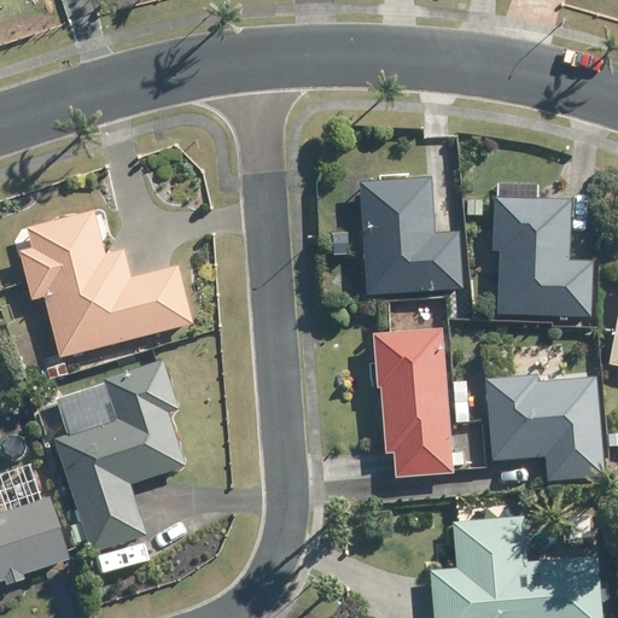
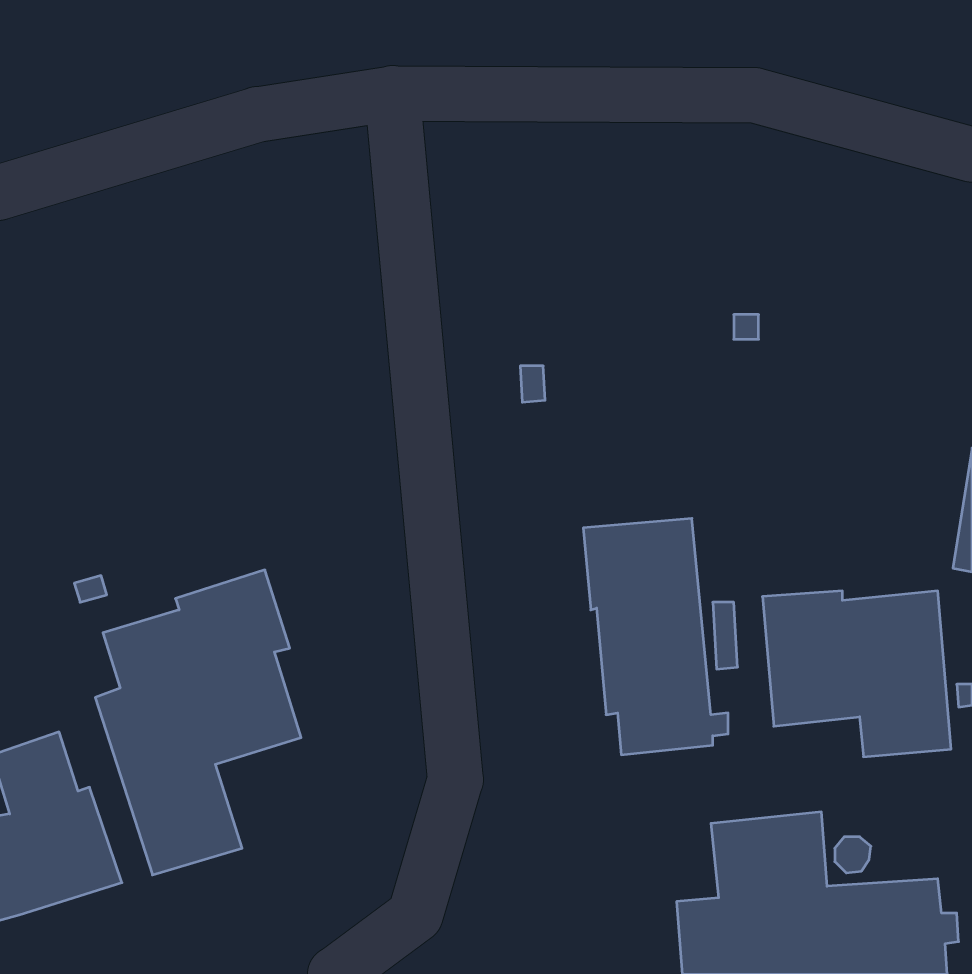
building: [357,177,460,292] -> none
building: [490,196,591,315] -> none
building: [27,211,202,356] -> none

